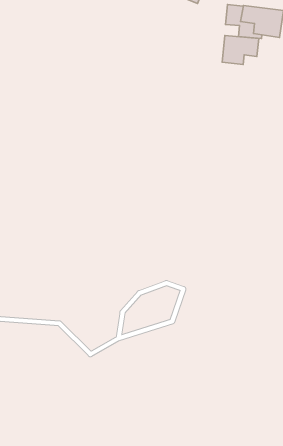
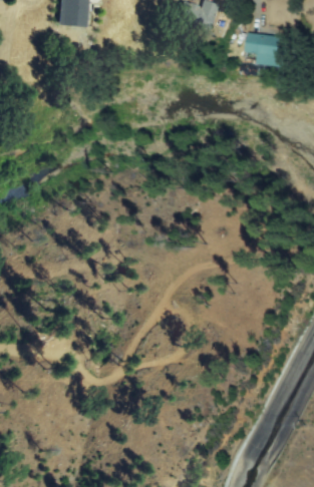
building: [222,35,259,65] -> none

